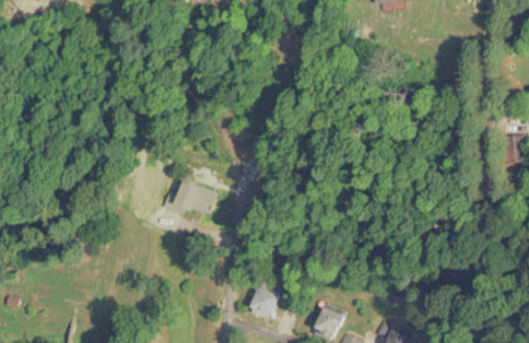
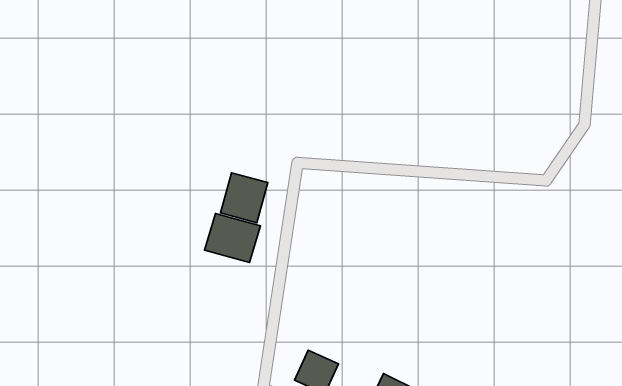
building: none -> [221,173,268,223]

